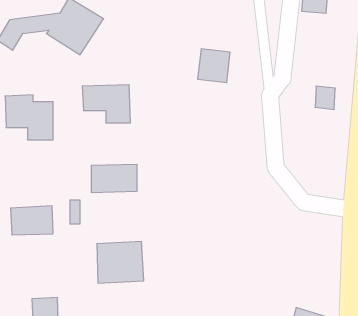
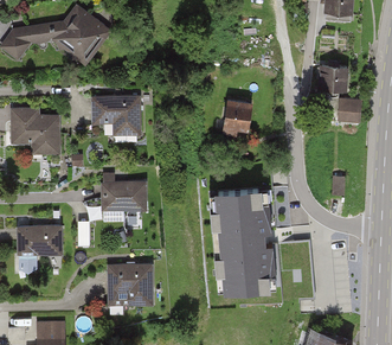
building: [198,49,230,83] -> [221,100,256,135]
building: none -> [316,65,349,89]
building: none -> [210,186,277,294]

